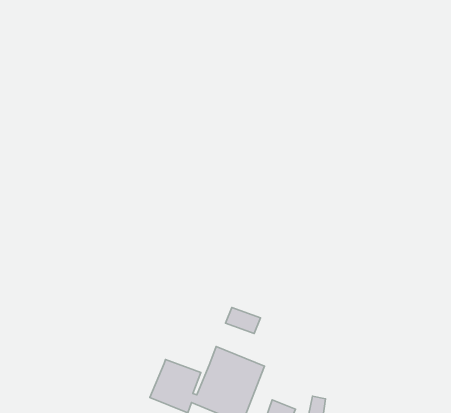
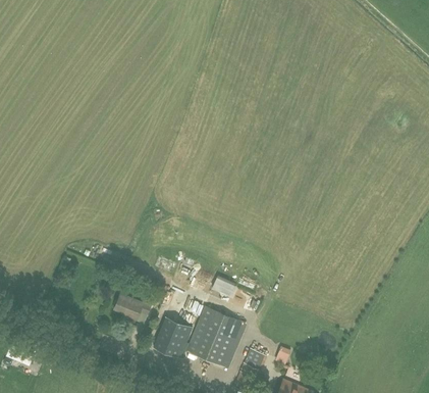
building: none -> [114,295,152,318]

